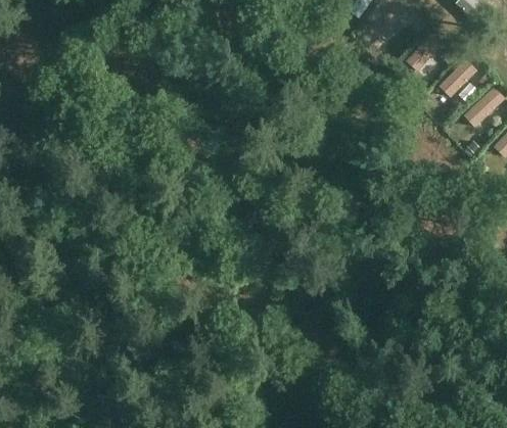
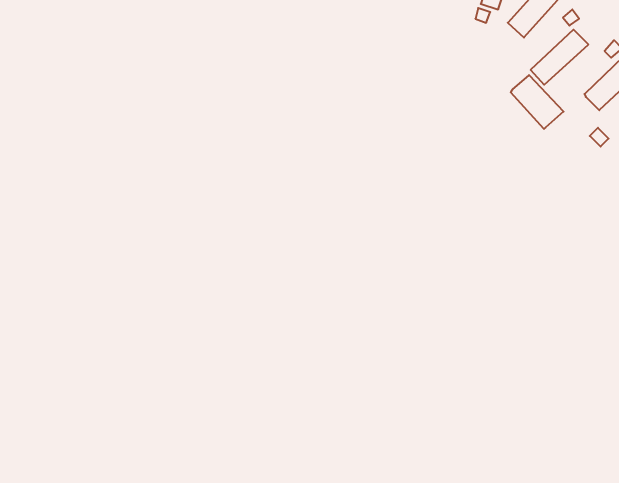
building: none -> [511,75,564,129]

